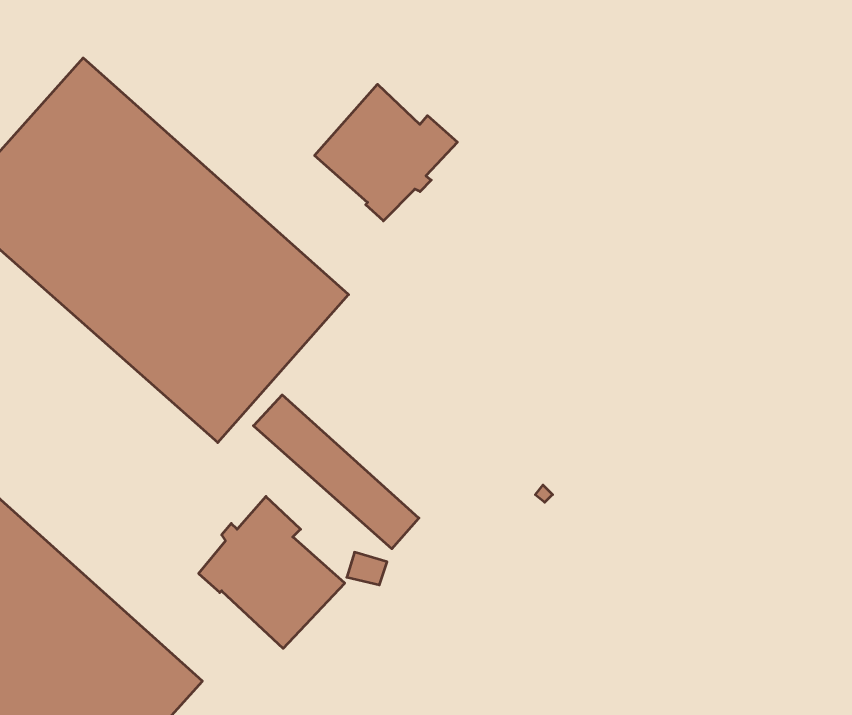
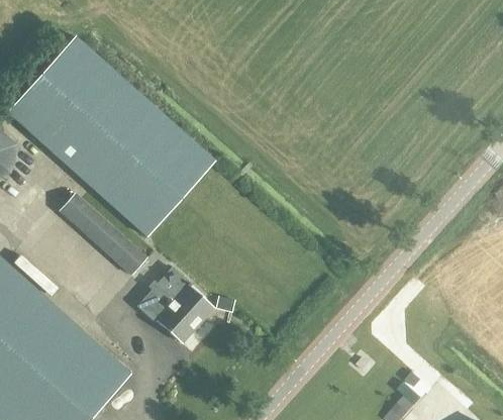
building: [315,84,457,221] -> none
building: [253,395,419,549] -> [59,195,145,276]

